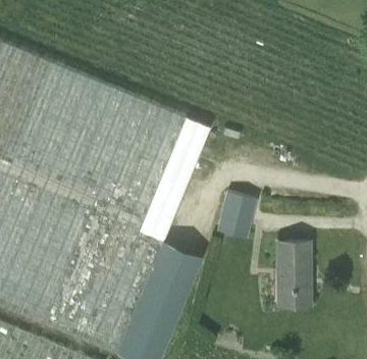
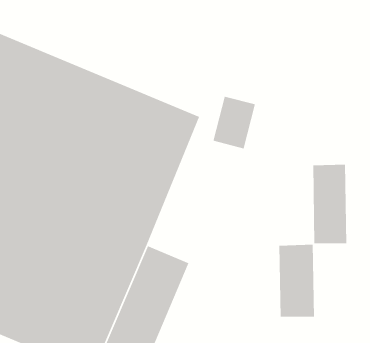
building: none -> [312,164,347,244]
building: [218,191,256,238] -> [212,96,256,150]

